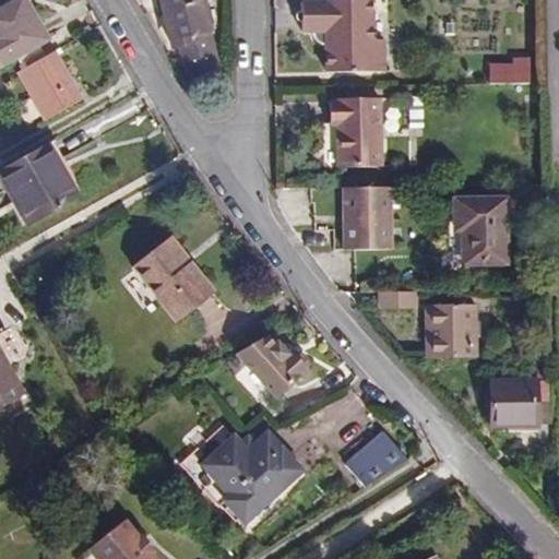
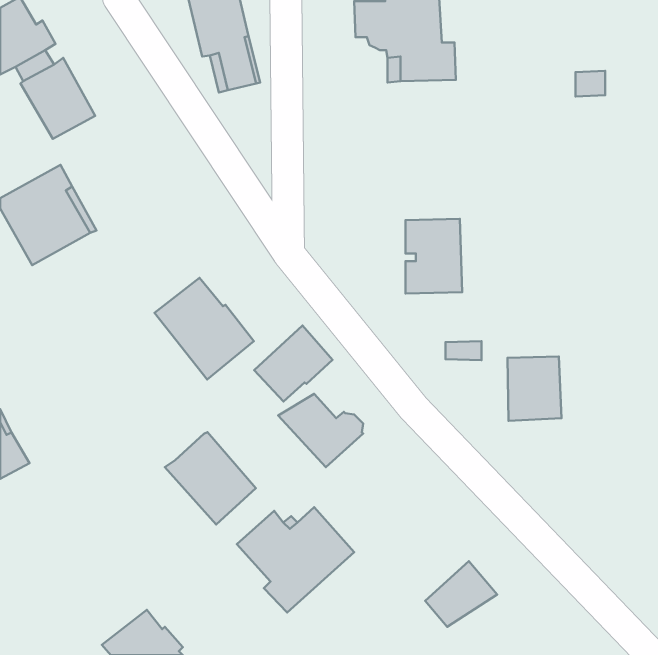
building: [329,96,380,165] -> none
building: [453,197,507,263] -> none
building: none -> [254,326,332,401]
building: none -> [165,432,256,524]
building: [489,377,551,425] -> none
building: [345,429,406,485] -> [425,561,497,627]

